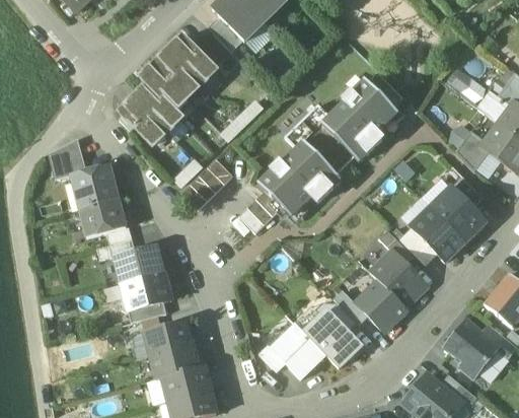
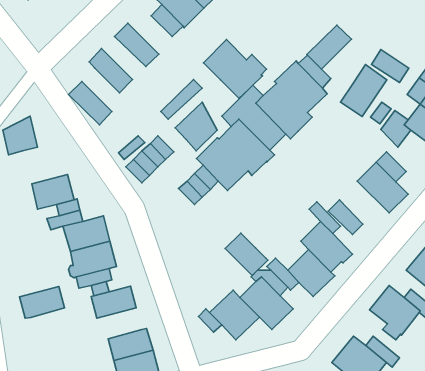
building: none -> [307,25,352,69]
building: [155,51,203,97] -> none
building: none -> [203,40,267,98]
building: none -> [341,64,387,117]
building: [134,85,181,132] -> none
building: none -> [175,102,217,151]
building: [70,164,119,210] -> none
building: [411,207,465,262] -> none
building: none -> [225,233,268,276]
building: [150,344,199,378] -> [19,286,65,318]

